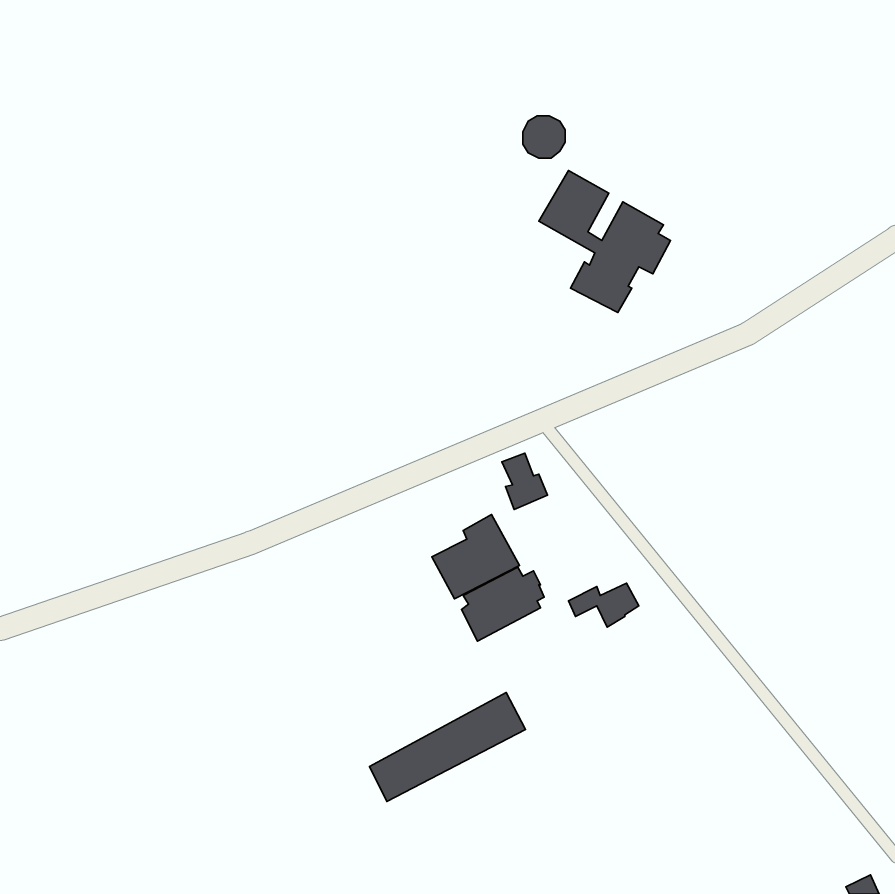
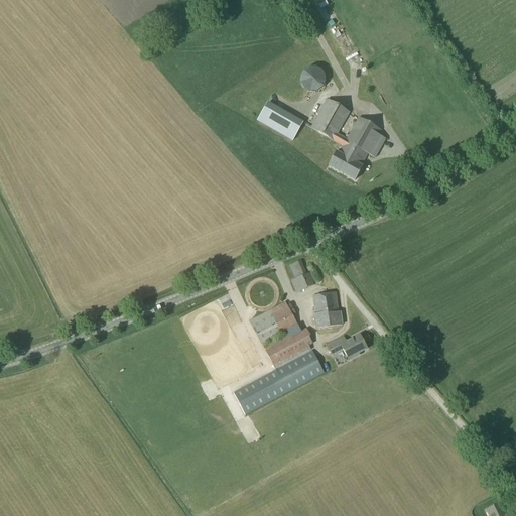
building: none -> [262,103,308,138]
building: none -> [312,291,343,327]
building: [369,693,526,801] -> [234,350,324,412]

